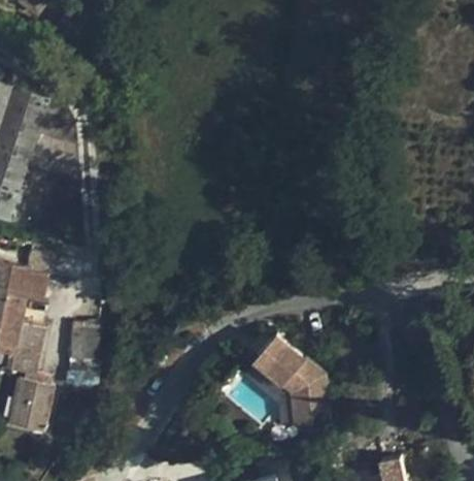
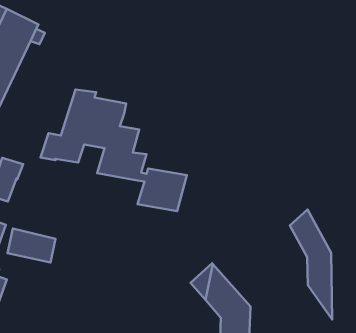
building: none -> [40,90,187,211]
building: none -> [290,209,332,320]

